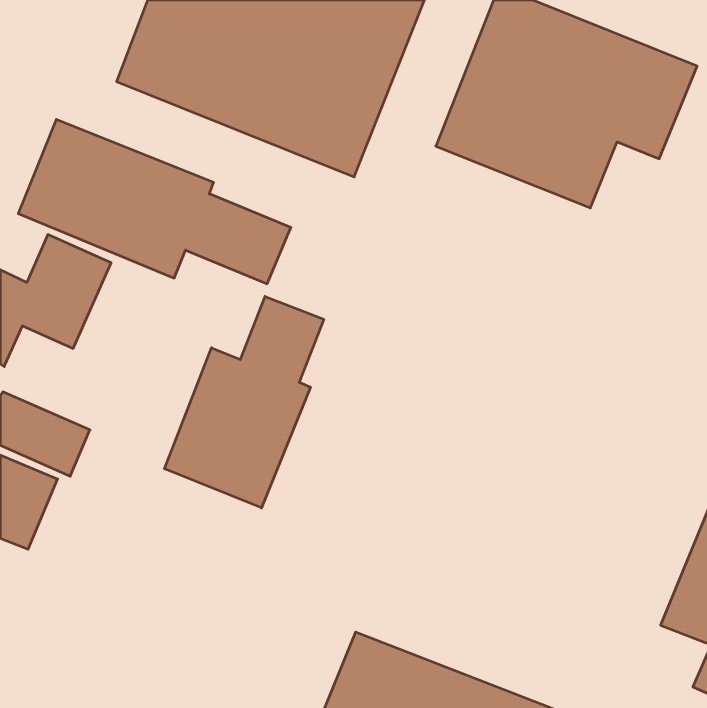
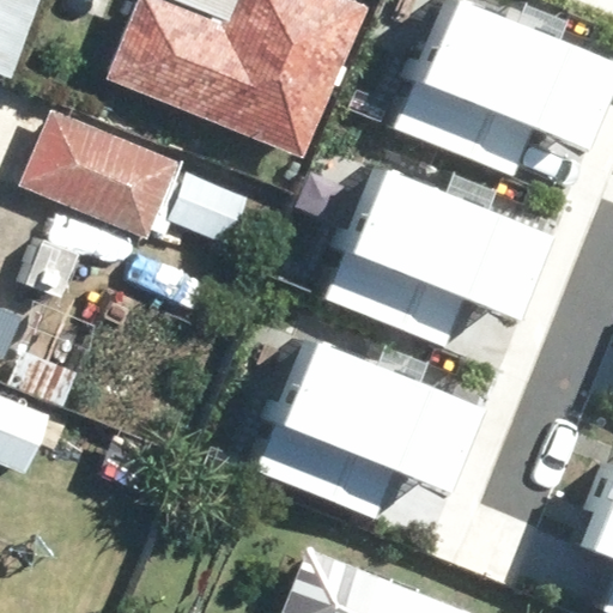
building: none -> [314,157,544,345]
building: [164,296,324,508] -> none
building: none -> [250,317,473,508]

